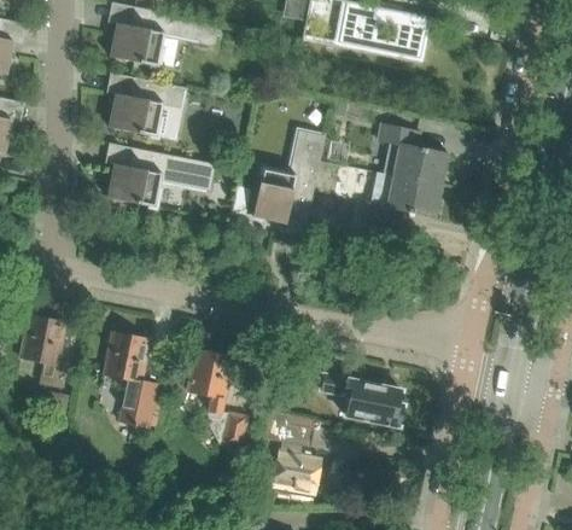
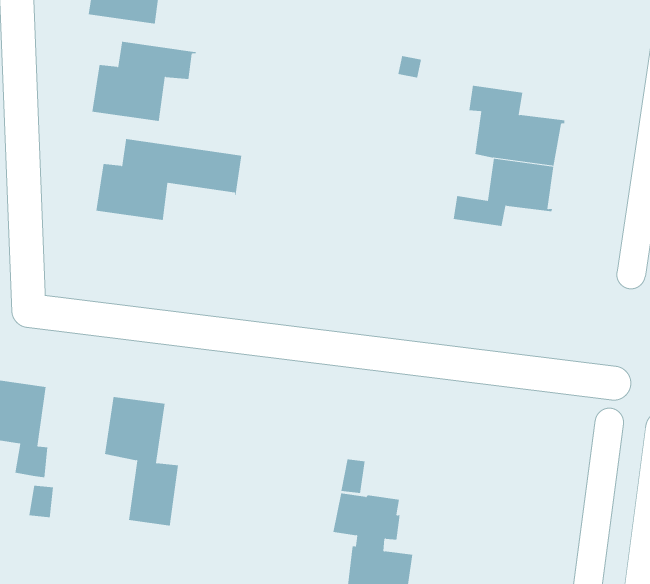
building: [252,133,325,237] -> none
building: [187,349,247,449] -> none
building: [321,374,403,426] -> none

